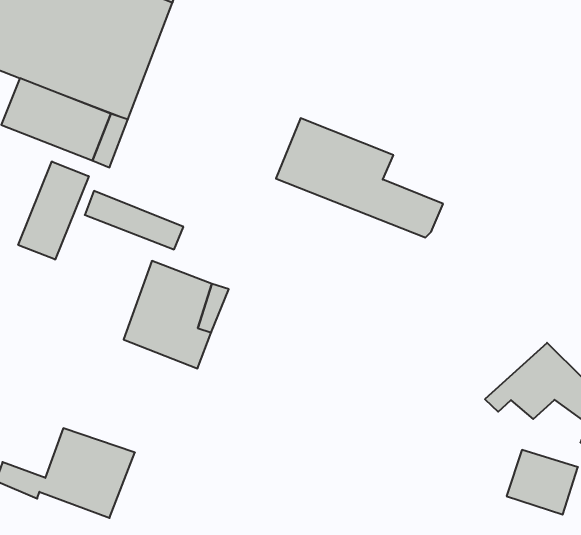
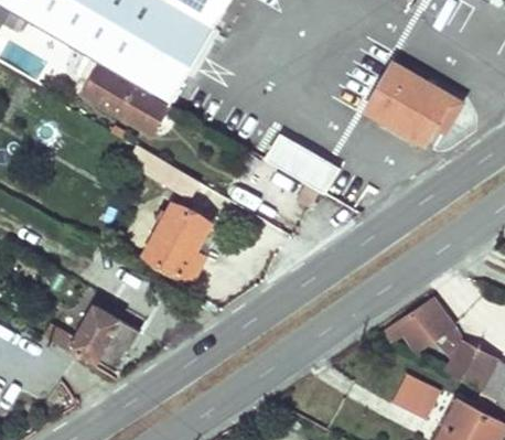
building: none -> [368,62,461,143]
building: [18,161,89,260] -> none

